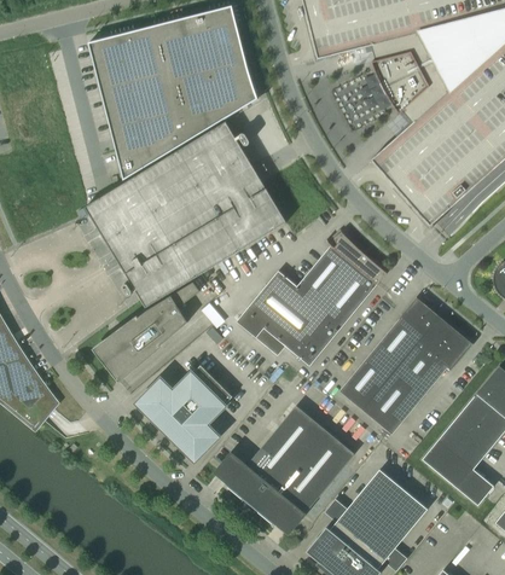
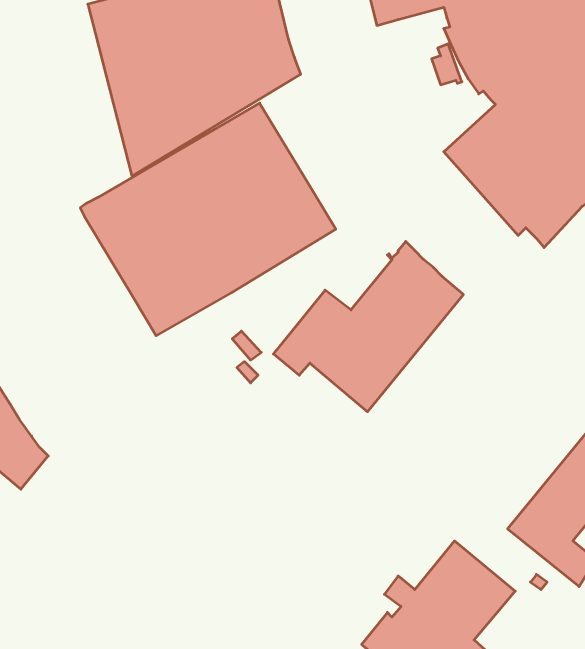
building: [95,281,199,379] -> none
building: [338,297,472,434] -> none
building: [132,367,226,463] -> none
building: [210,405,354,535] -> none

